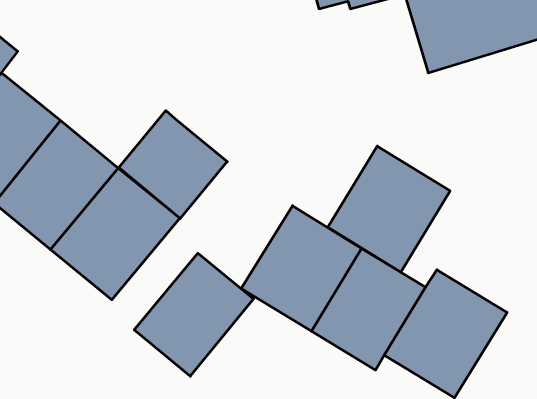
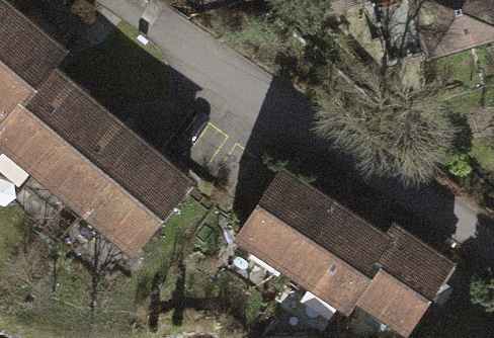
building: [119,111,227,219] -> none
building: [328,146,450,272] -> none
building: [134,253,254,376] -> none

